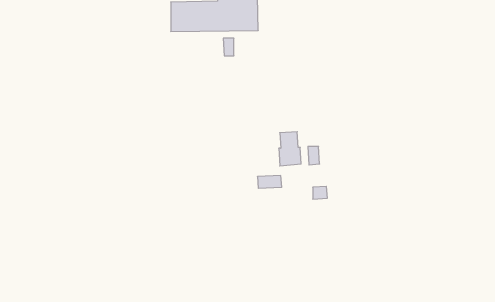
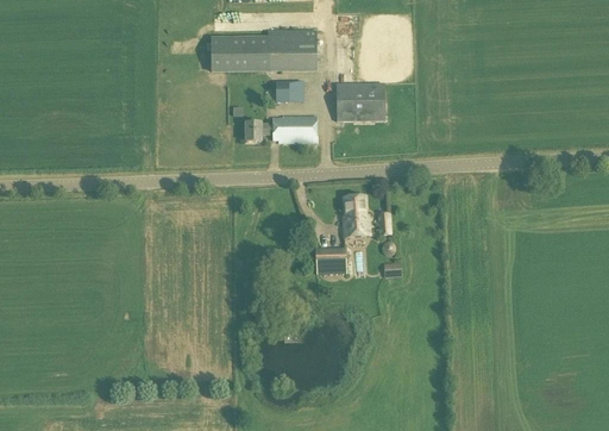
building: none -> [337,83,385,123]
building: none -> [245,117,318,142]

